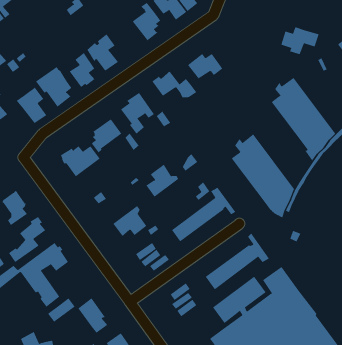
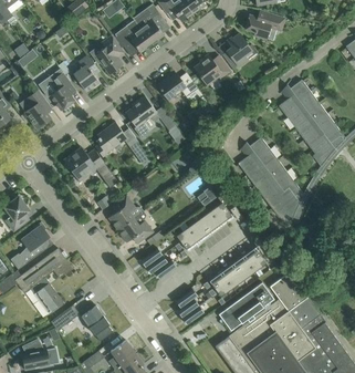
building: none -> [116,21,153,52]
building: [281,27,320,55] -> [246,10,285,39]
building: none -> [222,33,252,69]
building: [146,164,179,197] -> [108,195,143,229]

